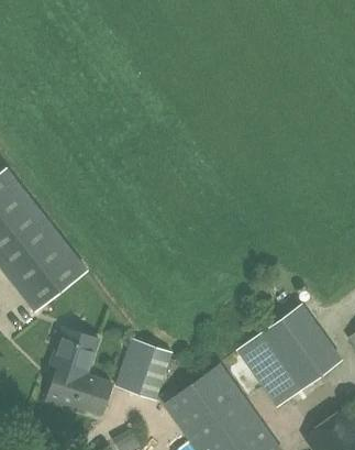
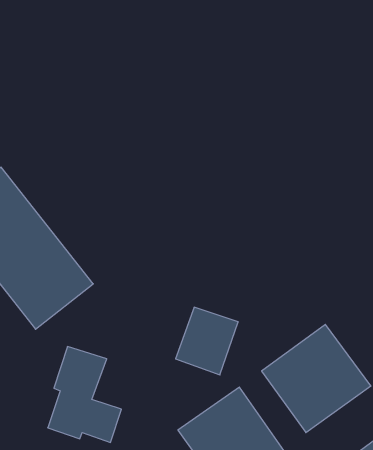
building: [117,339,173,399] -> [176,307,238,375]

